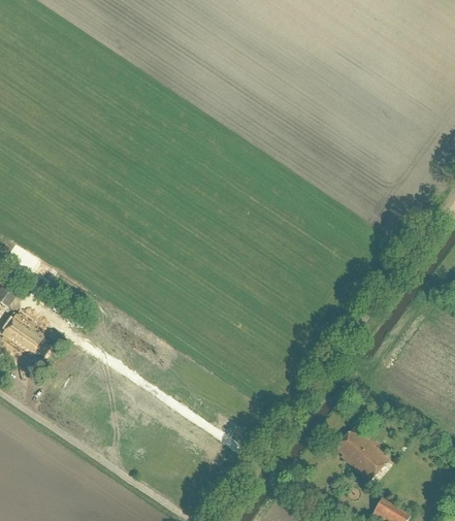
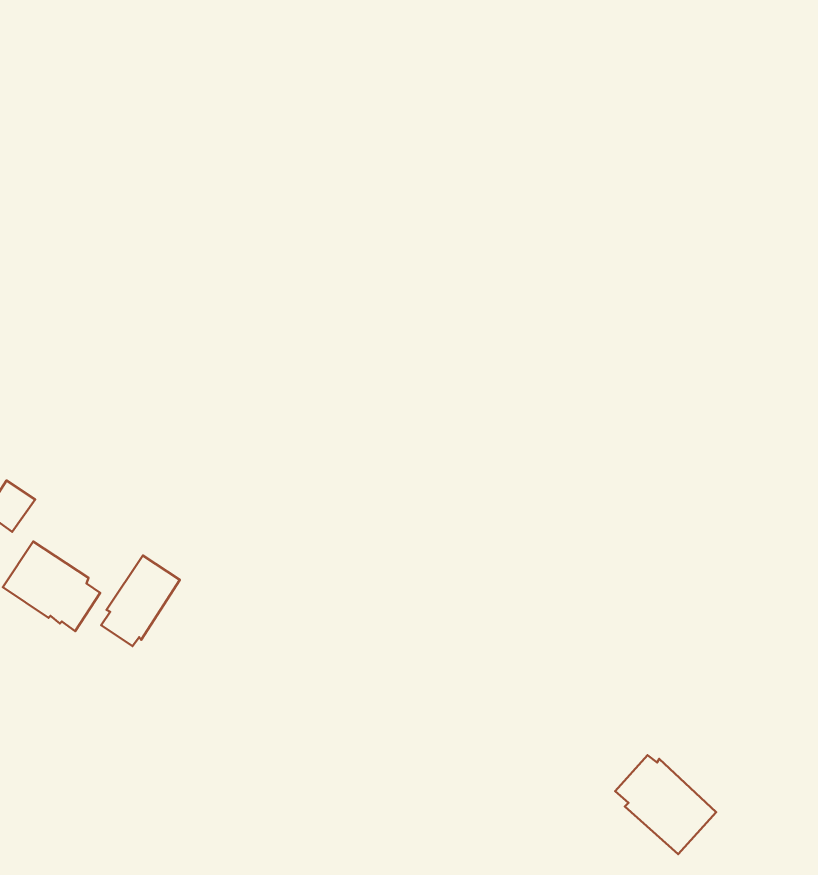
building: none -> [101,556,180,646]

